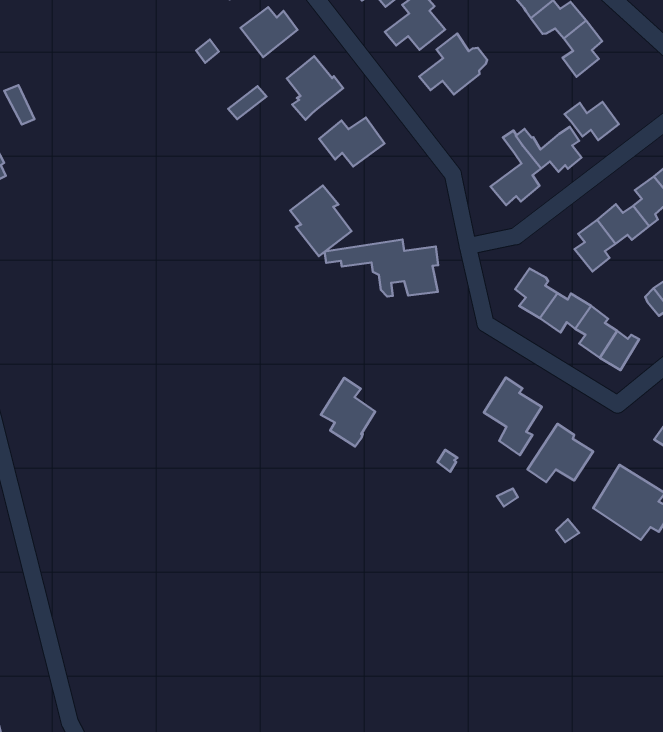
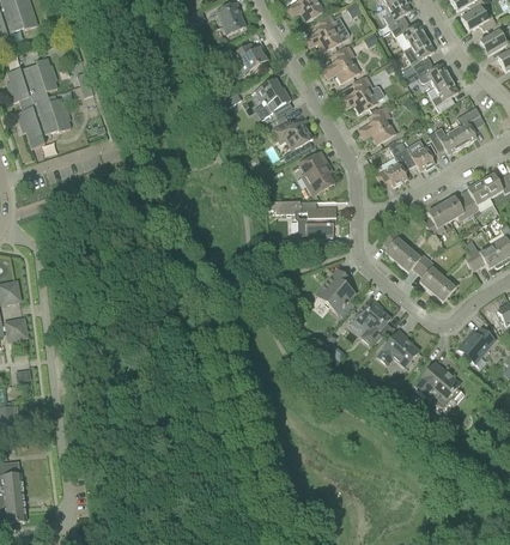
building: none -> [453,107,485,145]
building: none -> [358,102,396,143]
building: [290,186,351,256] -> [298,151,335,195]
building: [321,378,375,446] -> [320,268,354,313]

